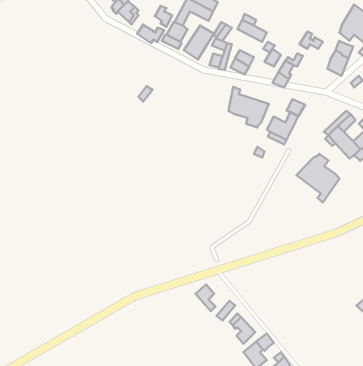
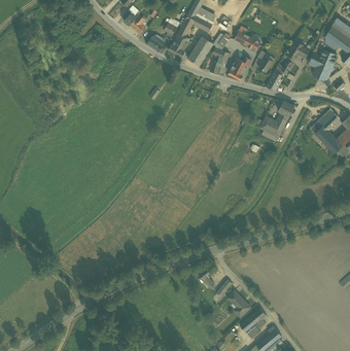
building: [228,87,269,127] -> none
building: [297,154,339,202] -> none

